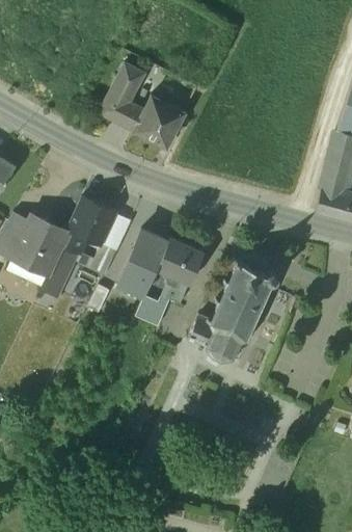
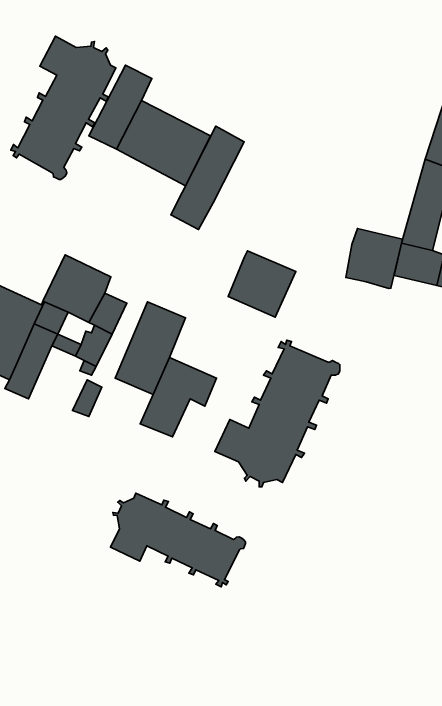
building: none -> [11,36,116,180]
building: none -> [171,126,244,229]
building: none -> [346,228,402,288]
building: [157,235,205,282] -> [228,251,296,317]
building: none -> [110,493,246,587]

